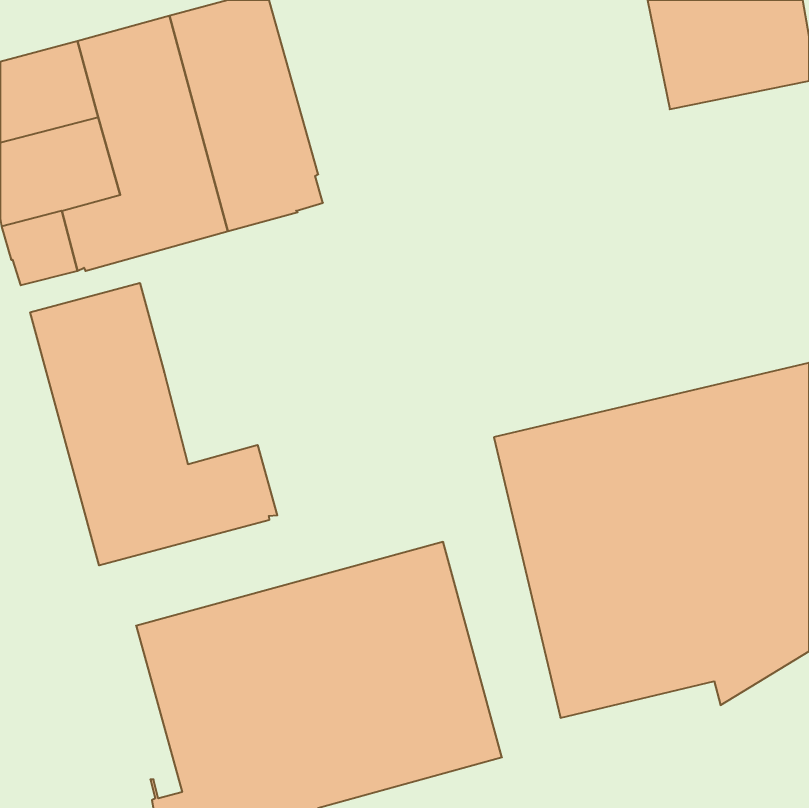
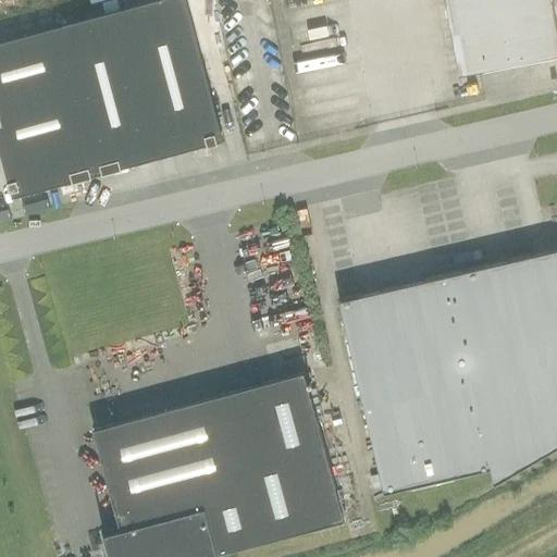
building: [30,283,277,565] -> none

